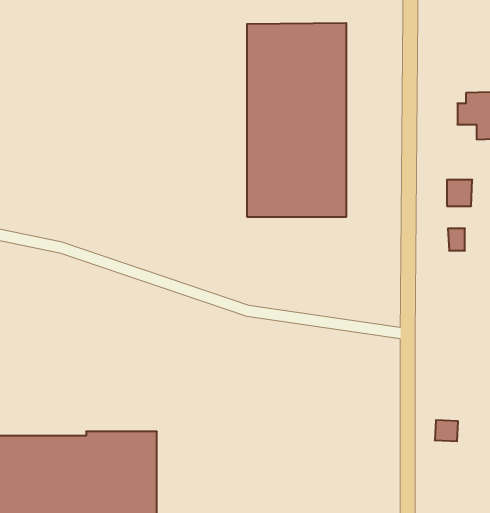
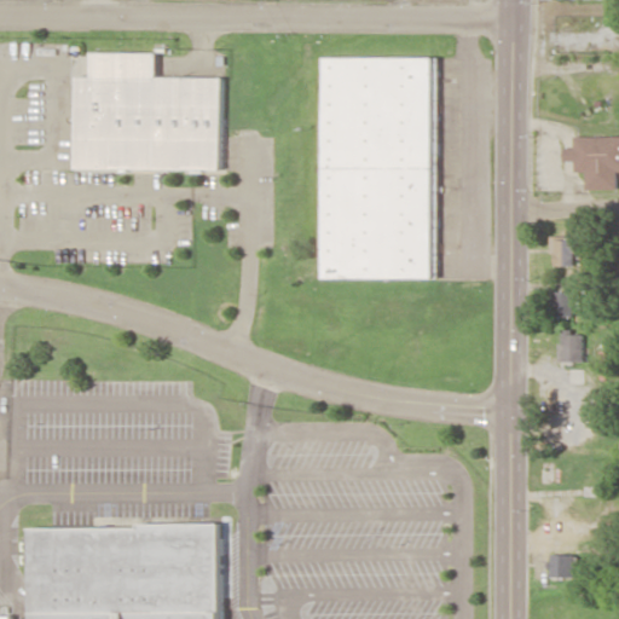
building: none -> [73,52,220,169]
building: none -> [556,329,580,361]
building: [435,420,458,441] -> [546,554,573,578]

